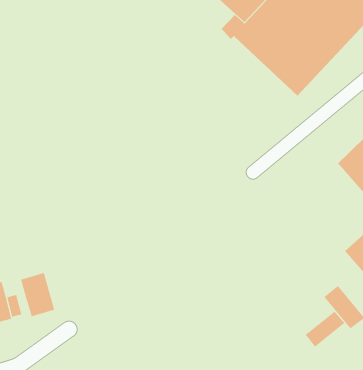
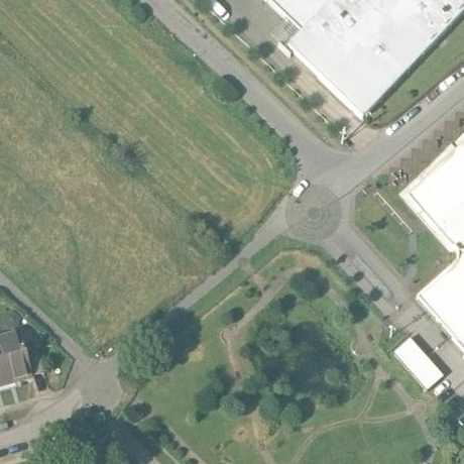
building: [21,272,55,317] -> none
building: [305,311,345,348] -> none

